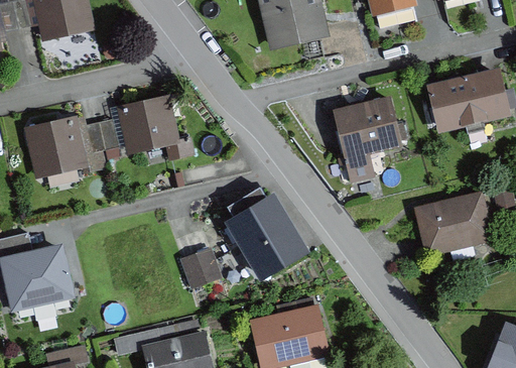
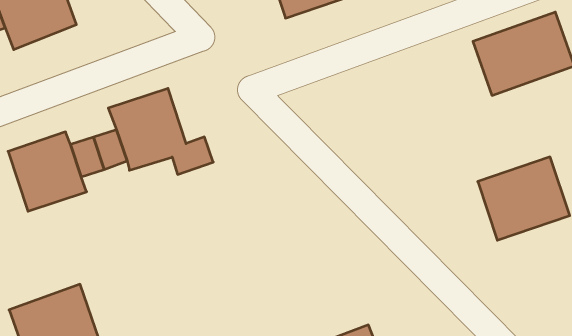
building: [329,102,397,164] -> none
building: [221,195,305,285] -> none
building: [183,255,221,292] -> none

